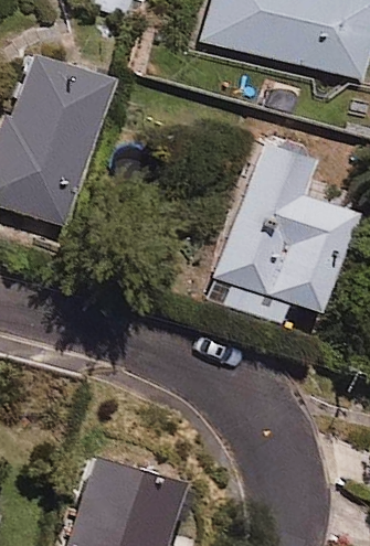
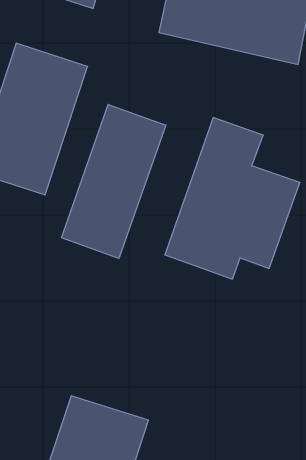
building: none -> [61,104,166,258]

